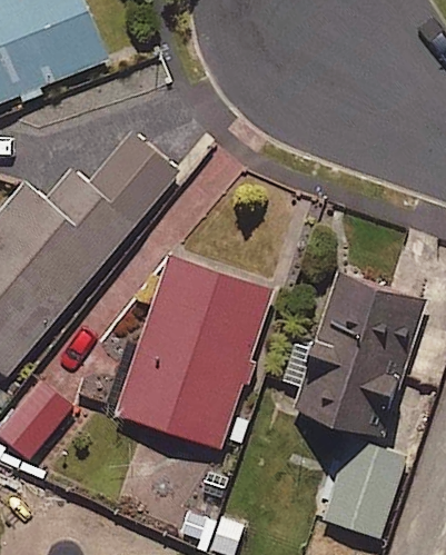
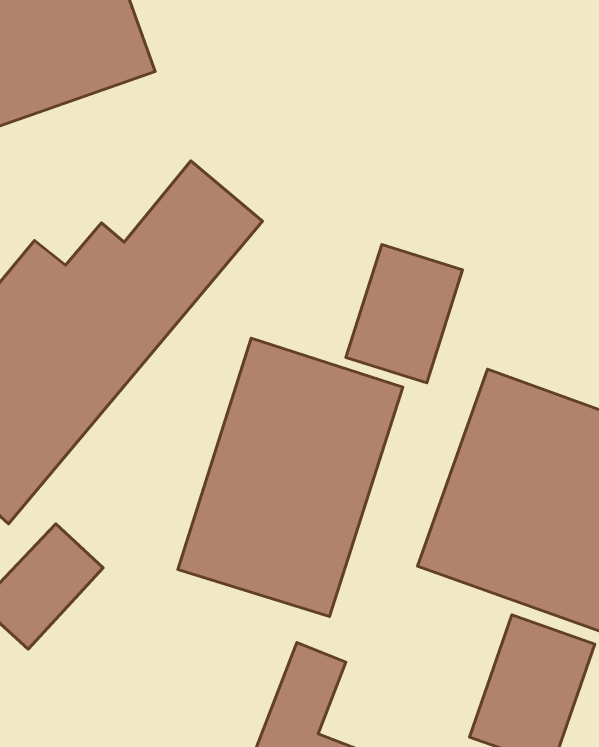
building: none -> [346,245,463,383]

